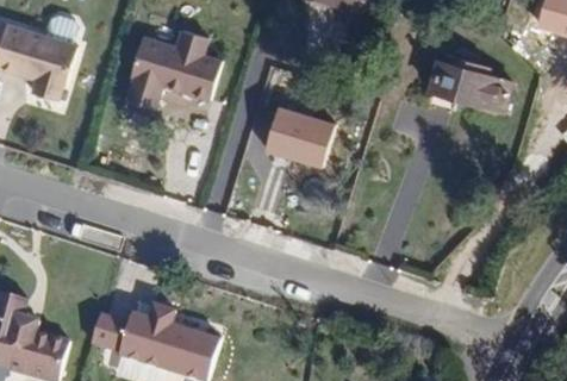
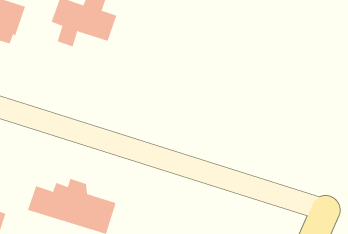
building: [434,57,517,119] -> none
building: [263,102,336,165] -> none

